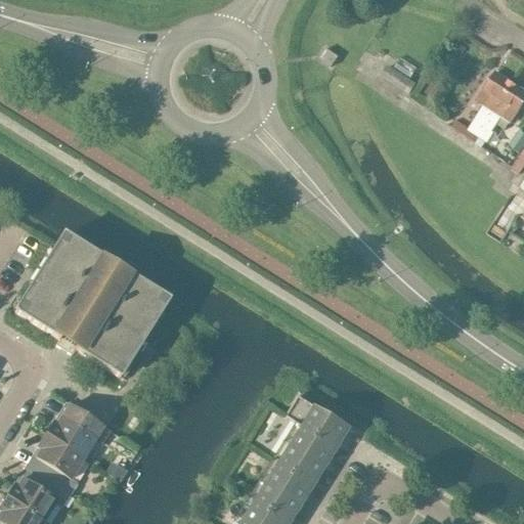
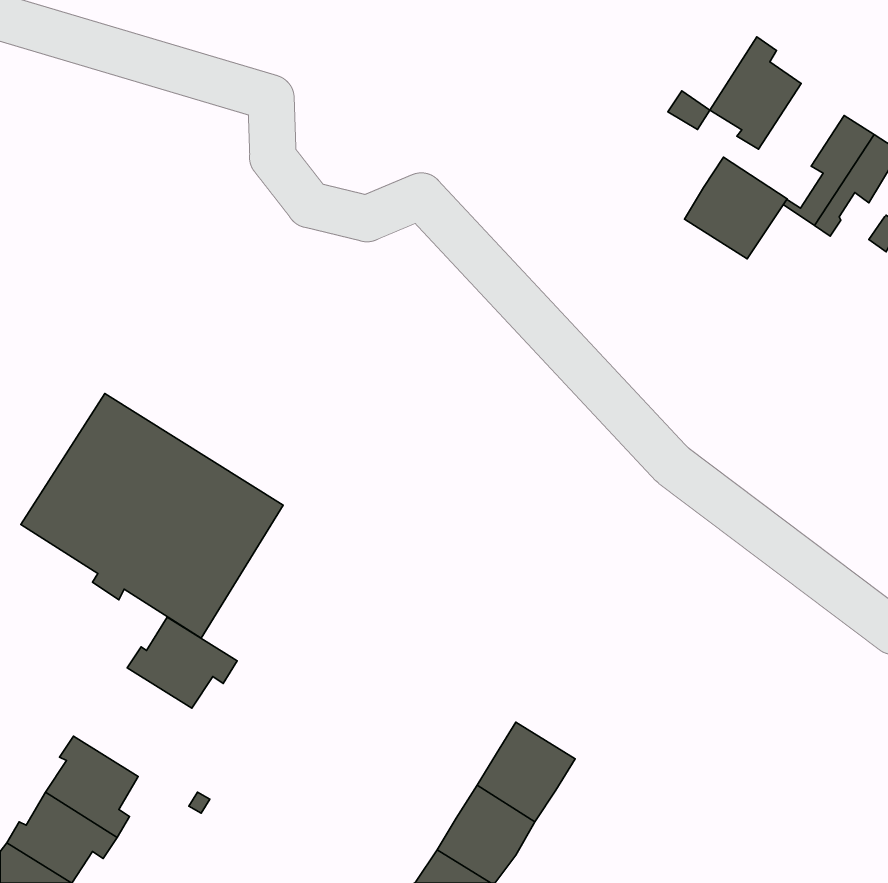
building: none -> [710,37,801,149]
building: none -> [685,157,787,259]
building: [288,392,352,444] -> none
building: [46,401,111,454] -> [127,617,237,708]

